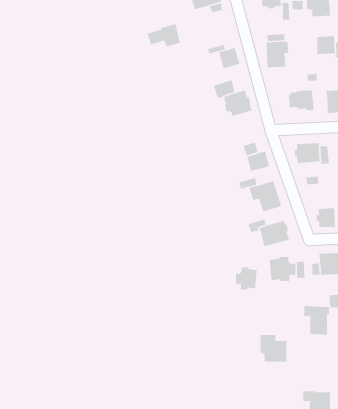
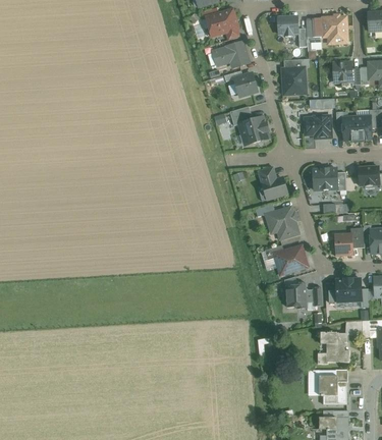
building: [146,23,181,47] -> [213,41,248,65]
building: [235,267,257,290] -> none
building: [260,334,287,363] -> [319,375,346,403]

